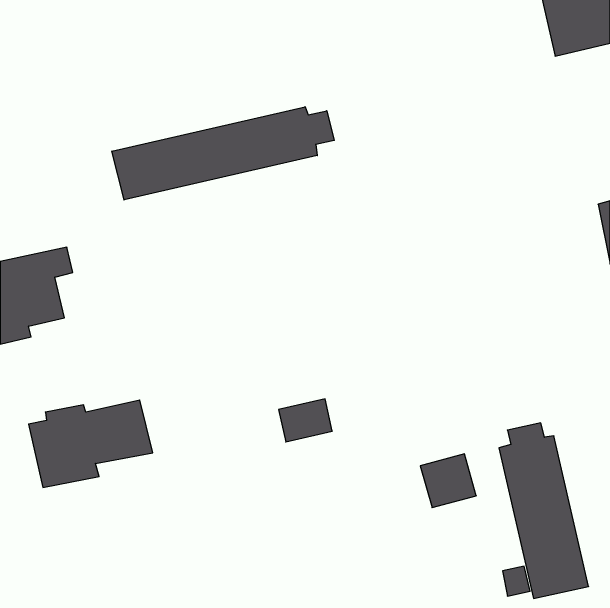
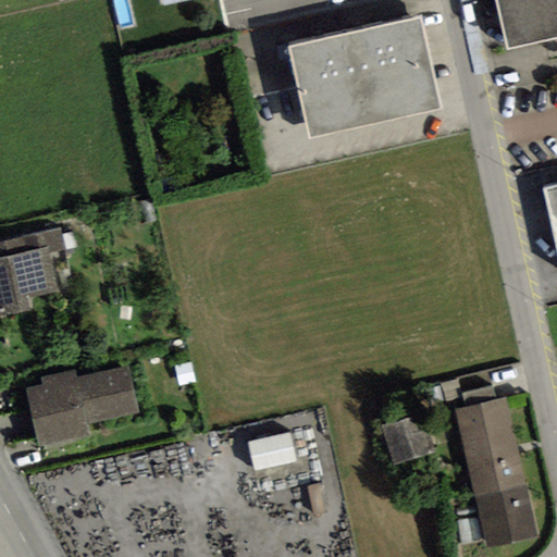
building: none -> [287,16,442,136]
building: [112,107,334,200] -> none
building: [279,399,332,442] -> [248,431,297,470]

